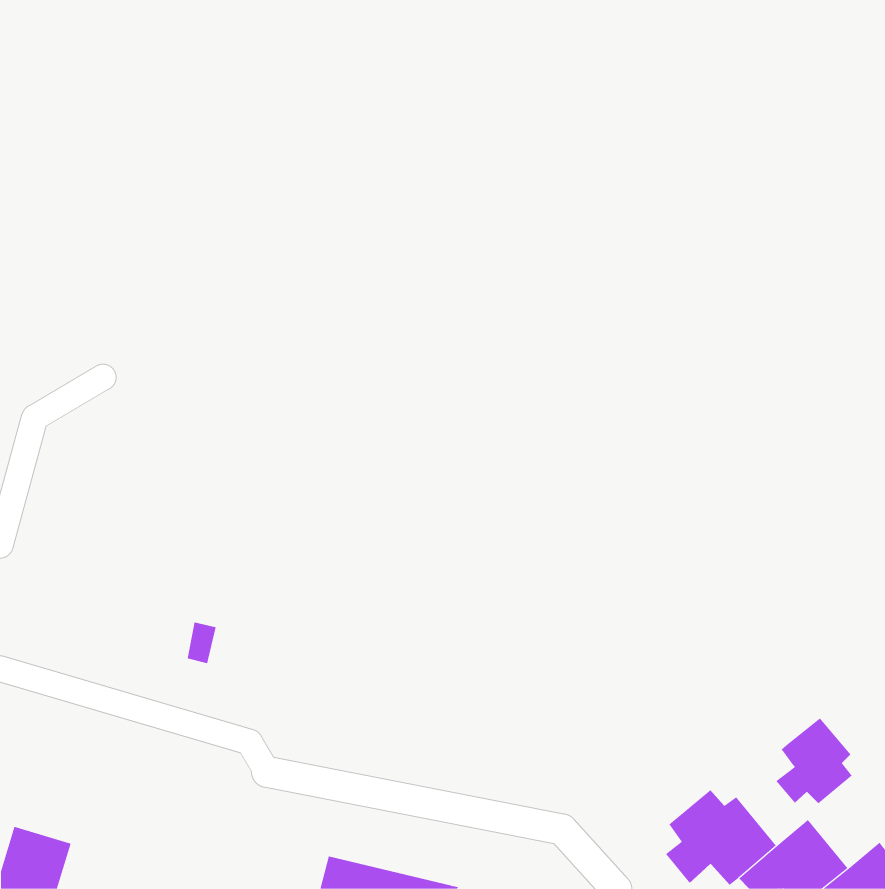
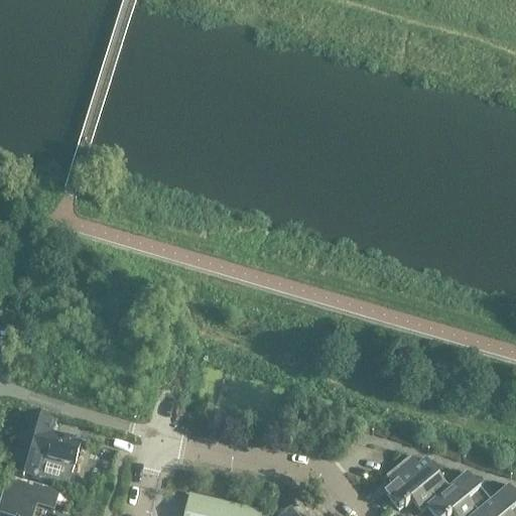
building: none -> [12,412,83,489]
building: [776,717,852,804] -> none

